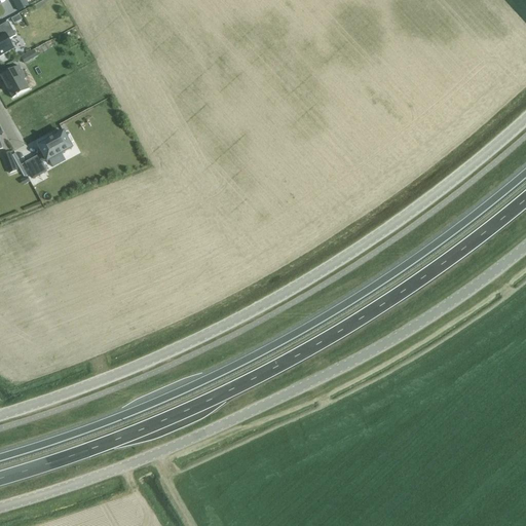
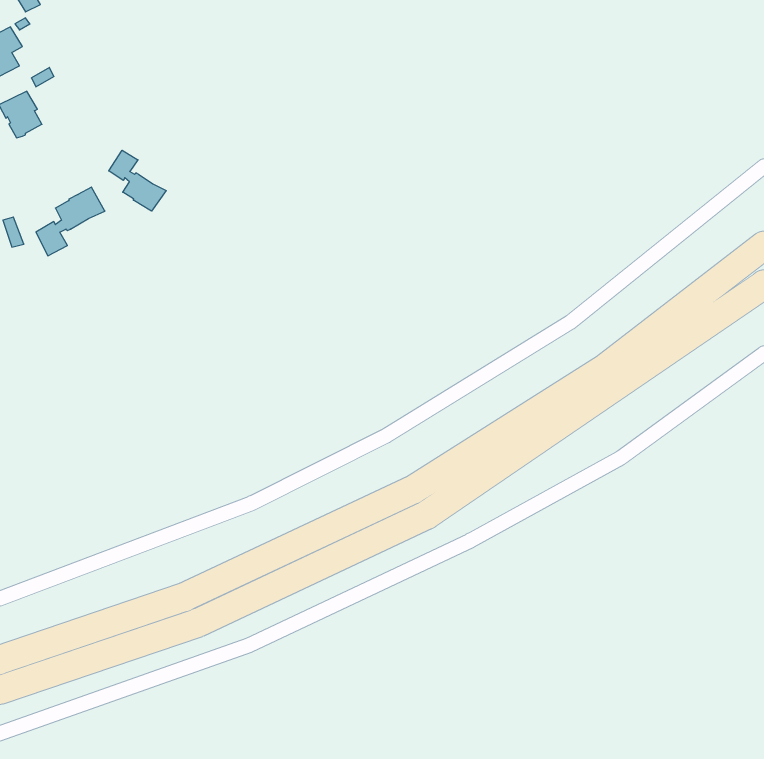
building: none -> [109,150,166,211]

